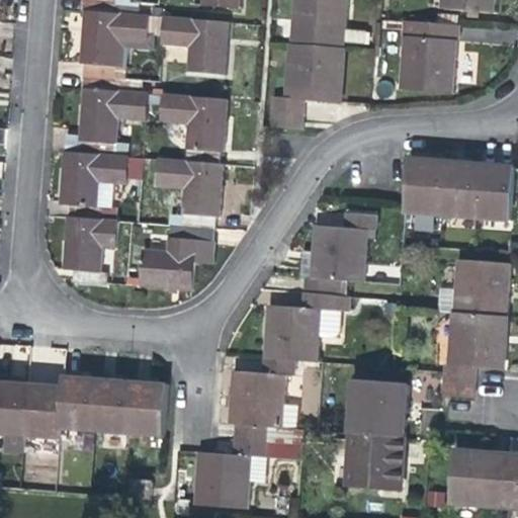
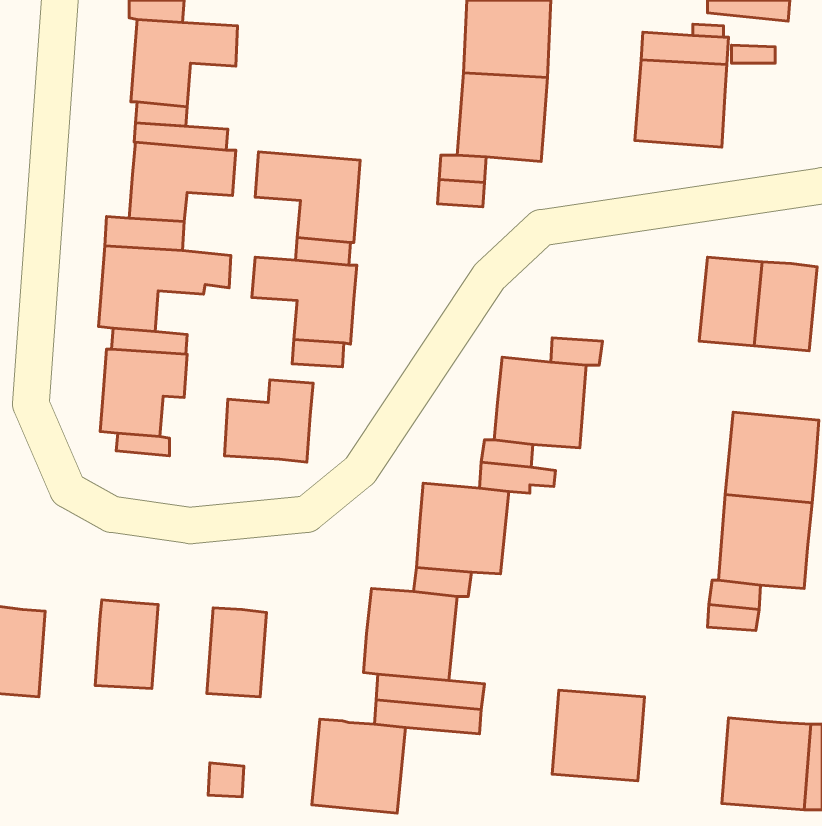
building: [161,18,226,75] -> none
building: [405,158,443,213] -> none
building: [169,227,214,262] -> none
building: [95,378,134,434] -> none
building: [350,381,408,436] -> none
building: [24,382,63,438] -> none

